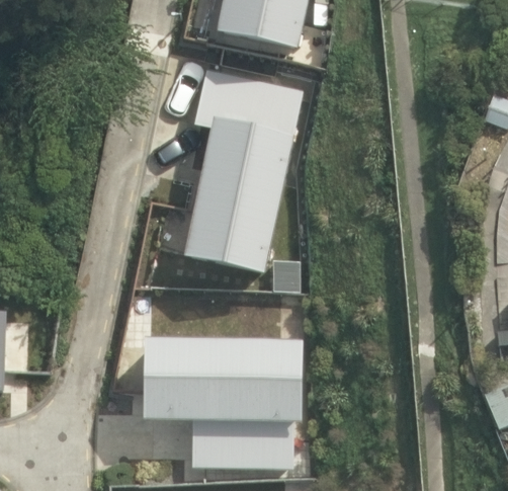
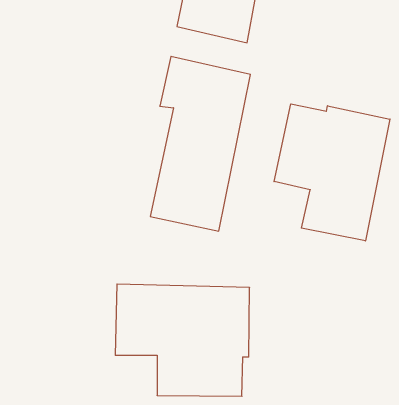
building: none -> [274,104,390,241]

